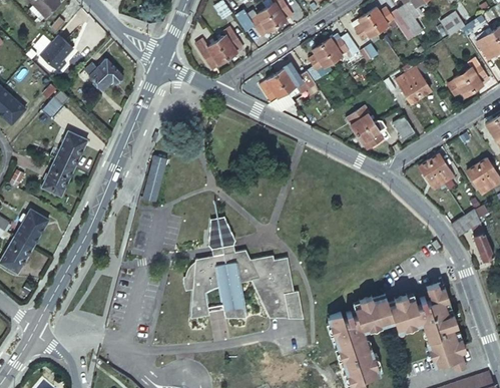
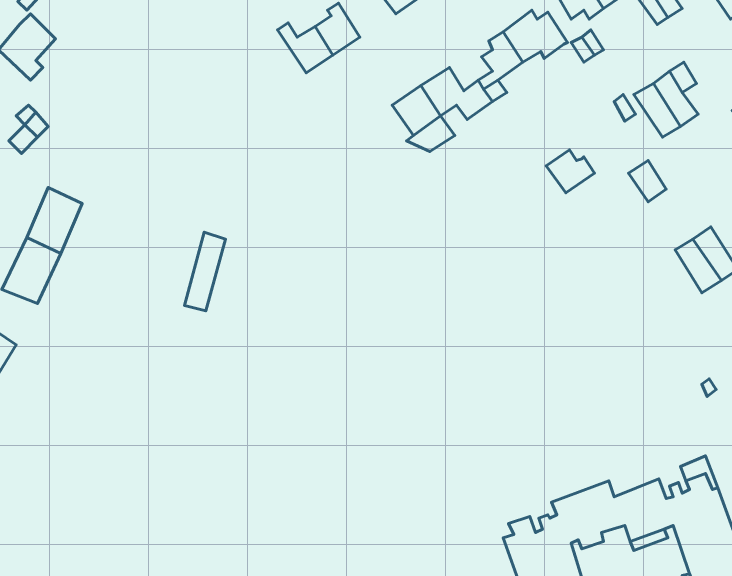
building: [84,57,122,88] -> none
building: [358,120,384,150] -> none
building: [180,218,298,316] -> none

